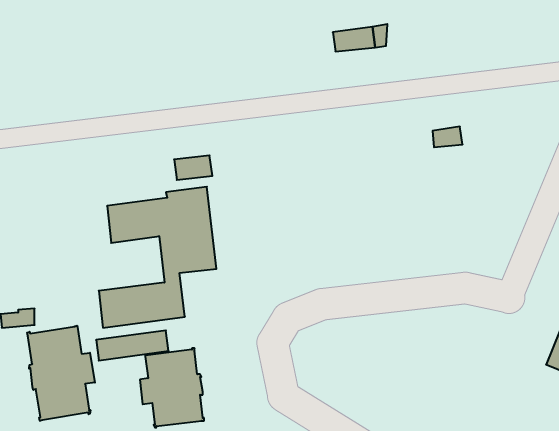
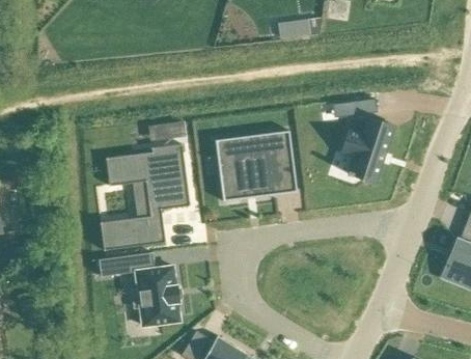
building: none -> [340,118,393,183]
building: none -> [214,130,296,201]
building: [27,326,95,421] -> none

